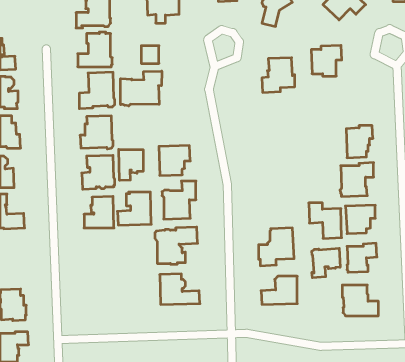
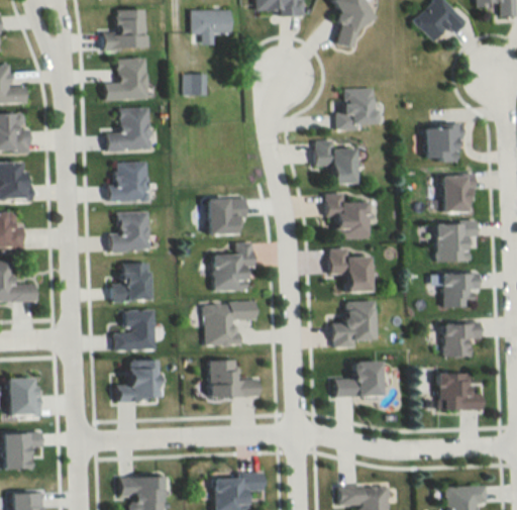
building: [311,45,342,76] -> [425,123,463,162]
building: [121,71,162,106] -> none
building: none -> [316,140,356,184]
building: none -> [326,194,369,238]
building: [119,149,143,180] -> none
building: [117,192,151,225] -> [114,309,157,350]
building: [309,203,342,238] -> [330,248,372,293]
building: [312,248,340,278] -> none
building: none -> [118,359,159,401]

